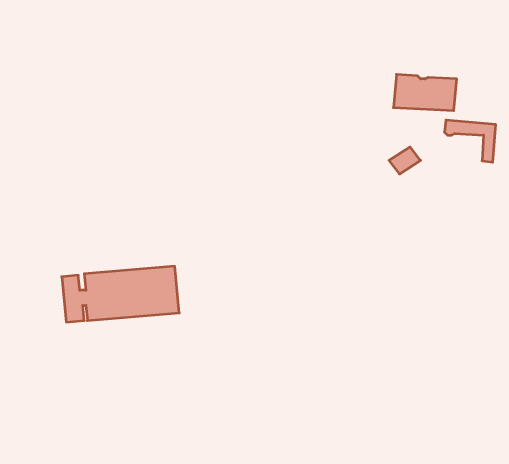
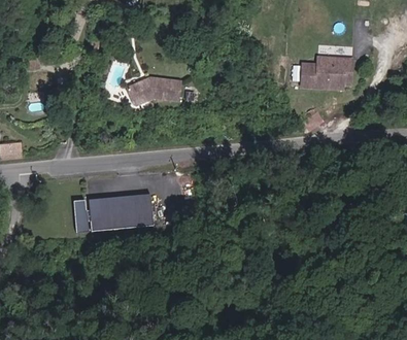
building: none -> [127,78,181,105]
building: [444,120,496,162] -> [317,56,352,84]

